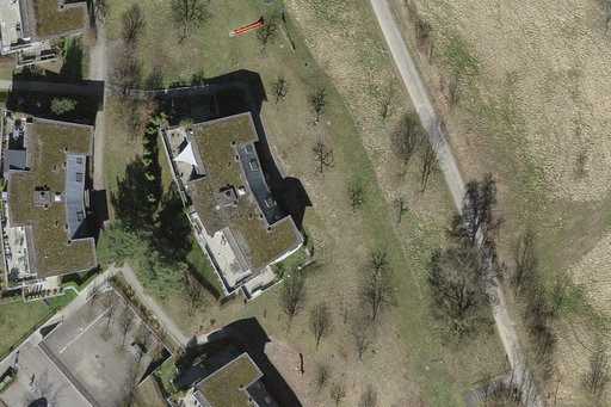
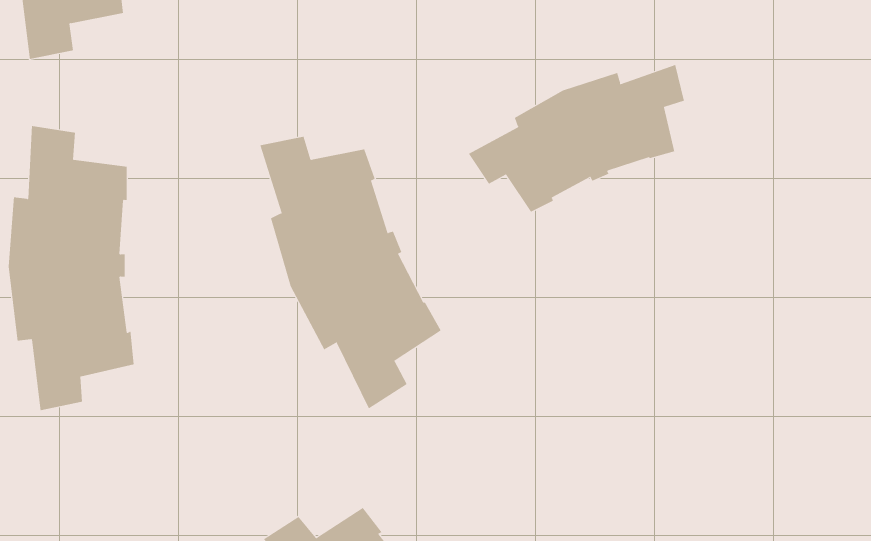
building: none -> [468,64,684,212]

